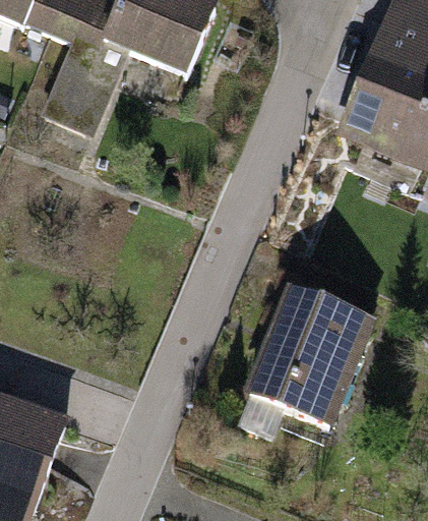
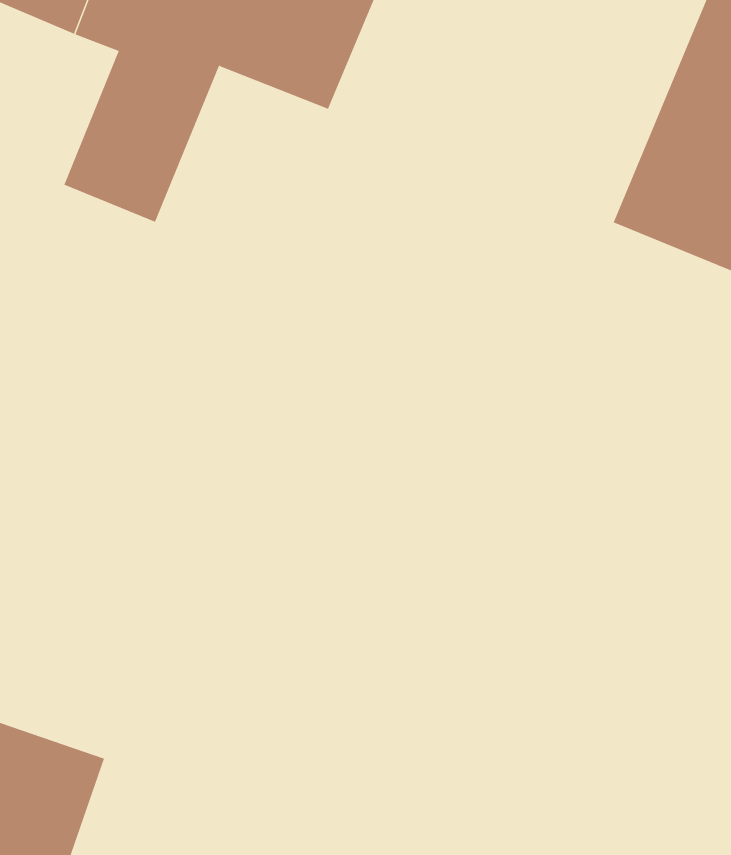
building: [248,289,376,426] -> none

